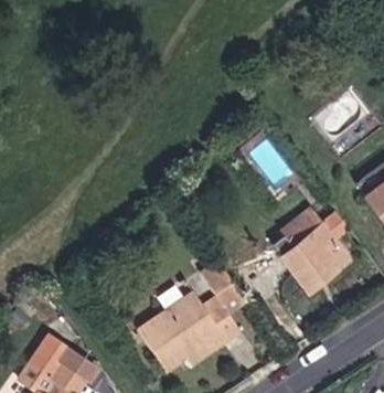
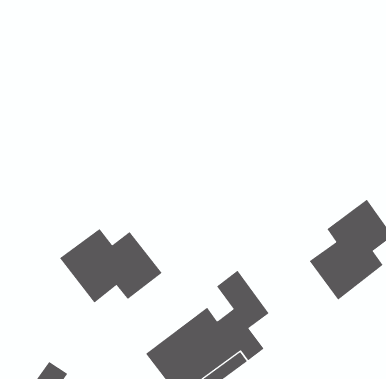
building: none -> [59,228,163,304]

